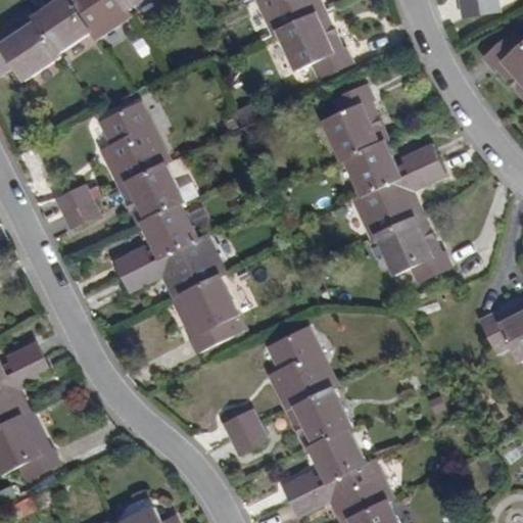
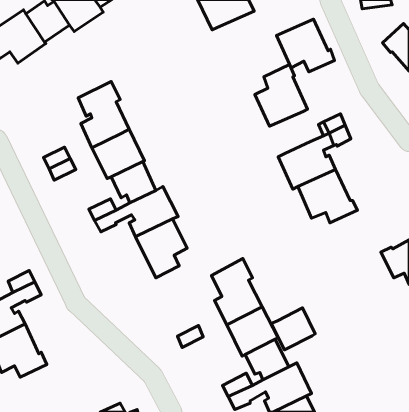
building: [275,14,348,81] -> [276,19,335,72]
building: [344,141,395,194] -> none
building: none -> [271,308,315,350]

